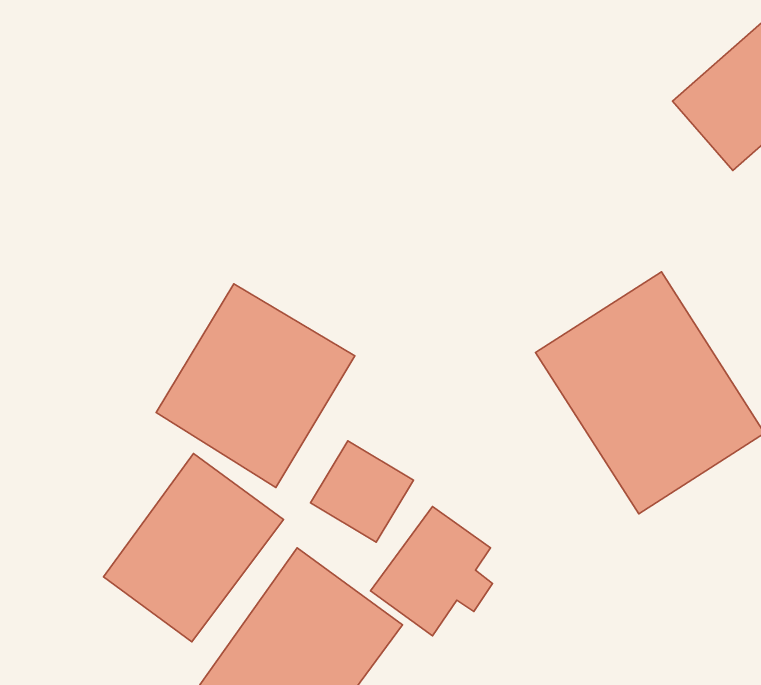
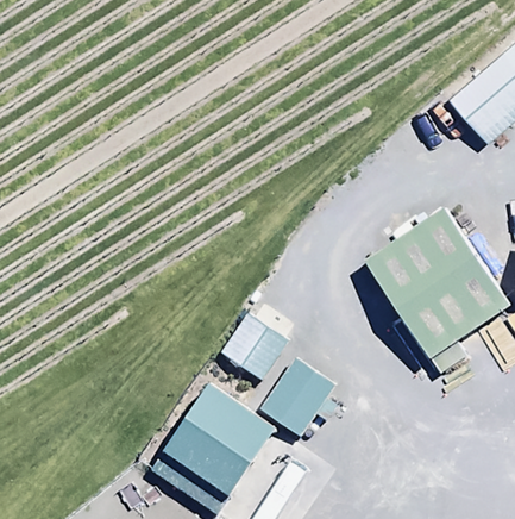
building: [156,284,355,487] -> none
building: [104,454,284,642] -> none

